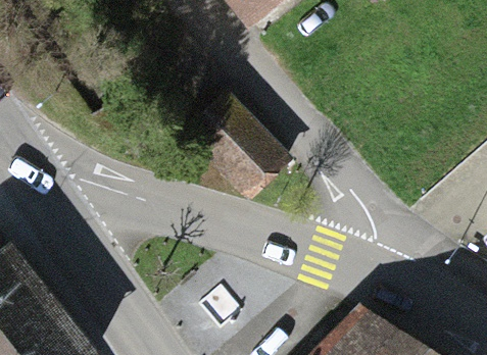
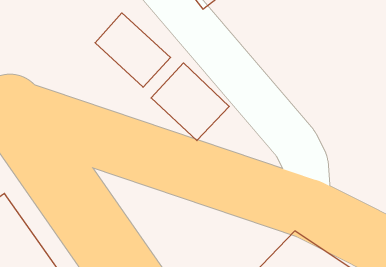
building: none -> [95,13,171,87]

